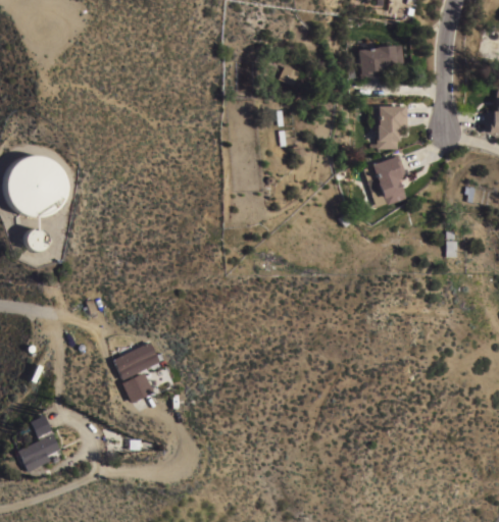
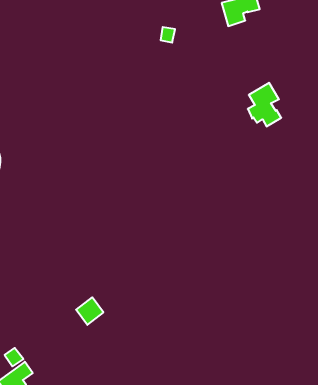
building: [377,105,408,149] -> none
building: [114,342,160,379] -> none

